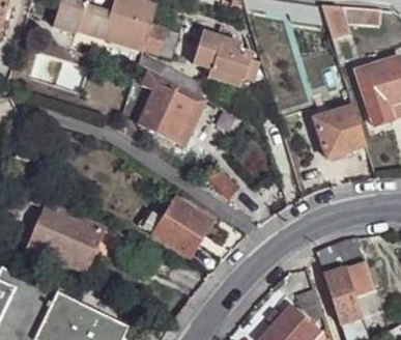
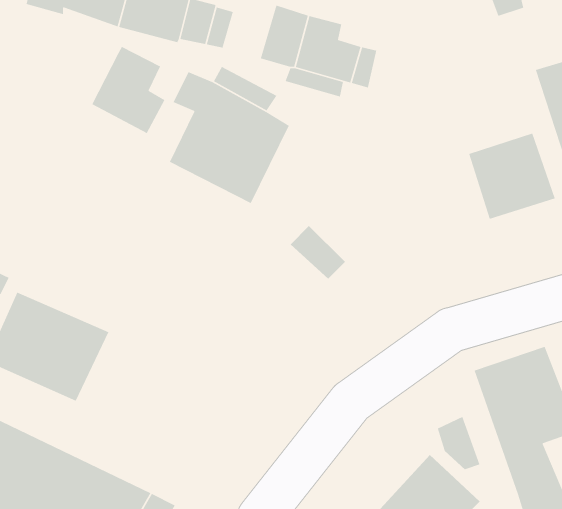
building: none -> [91,46,166,134]
building: [152,201,210,259] -> none

